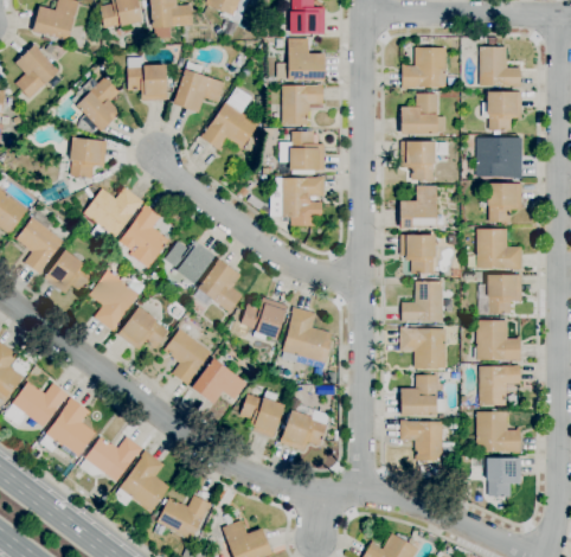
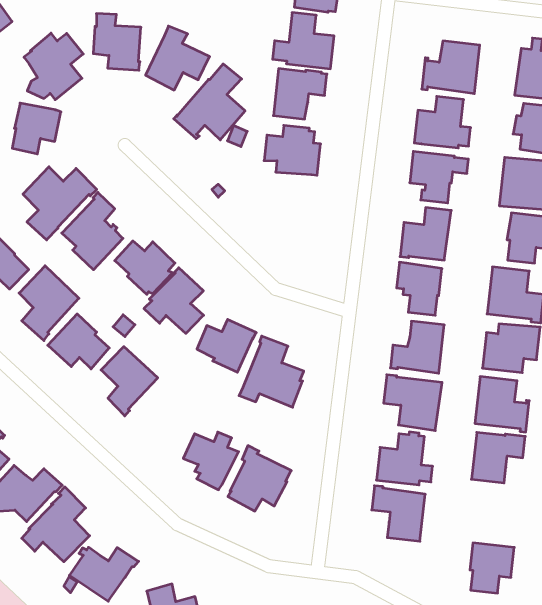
building: [283,177,325,228] -> none
building: [192,359,249,404] -> none
building: [476,412,521,454] -> none

